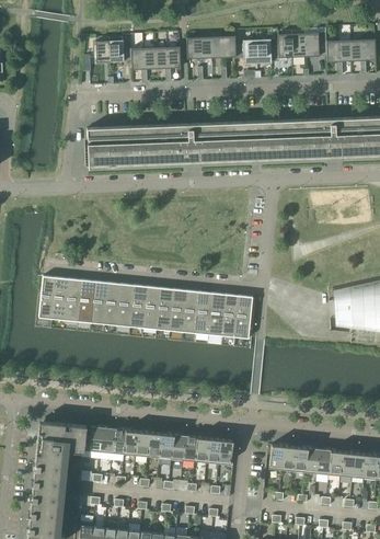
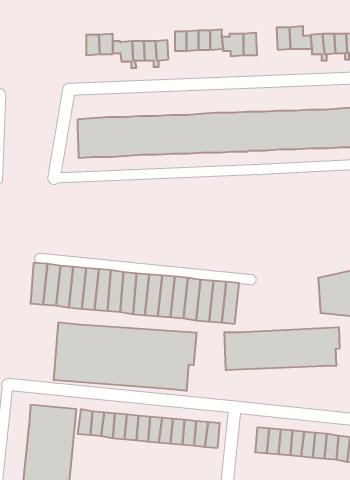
building: [270,34,292,62] -> none
building: none -> [54,322,197,391]
building: none -> [224,327,340,370]

